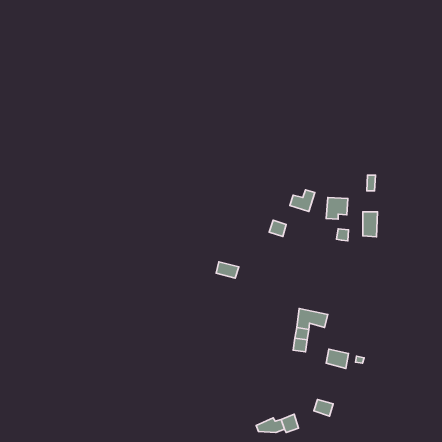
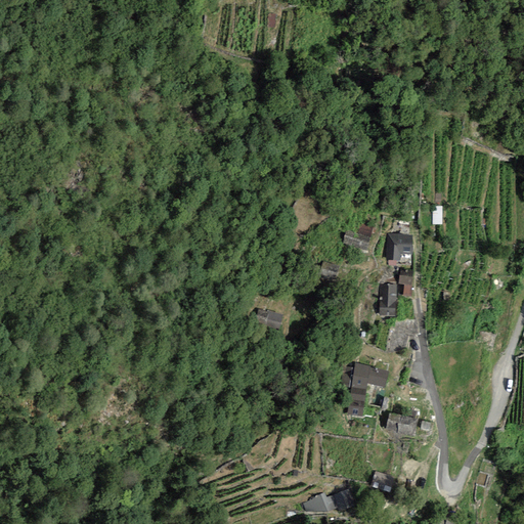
building: [363,212,377,237] -> [380,286,397,315]

